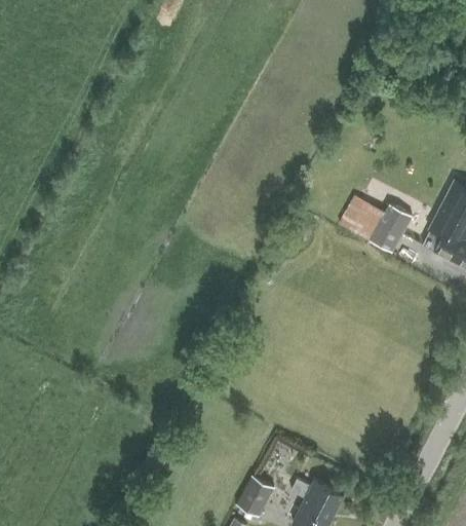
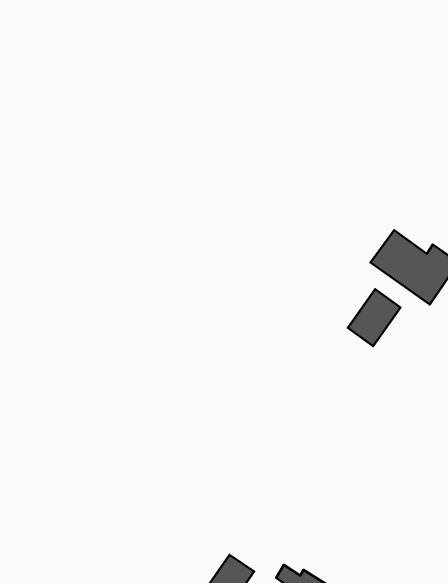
building: none -> [348,289,400,346]

